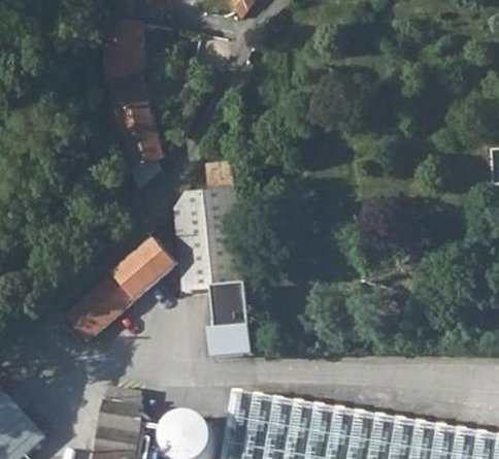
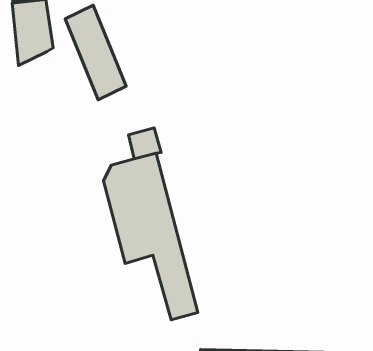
building: [106,75,157,170] -> [65,5,126,100]
building: [63,241,175,342] -> none

